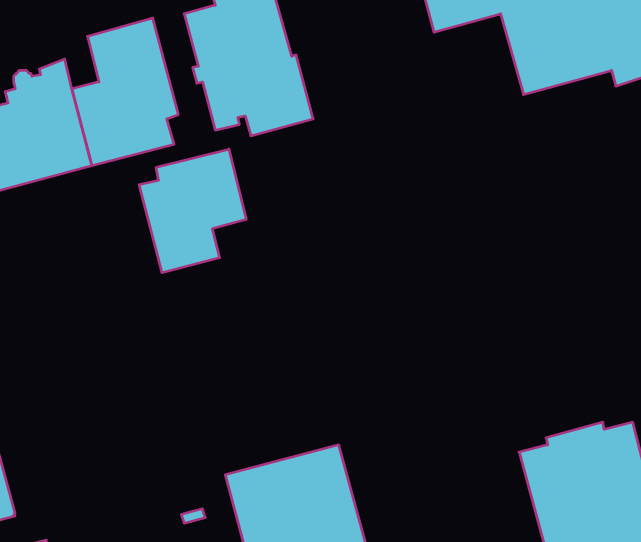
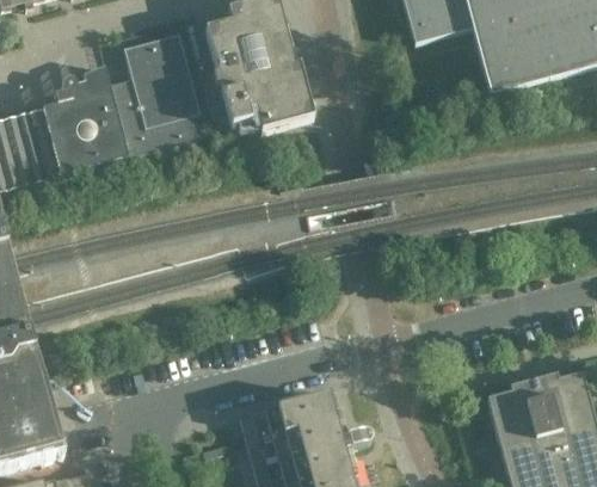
building: [139,149,246,273] -> none

